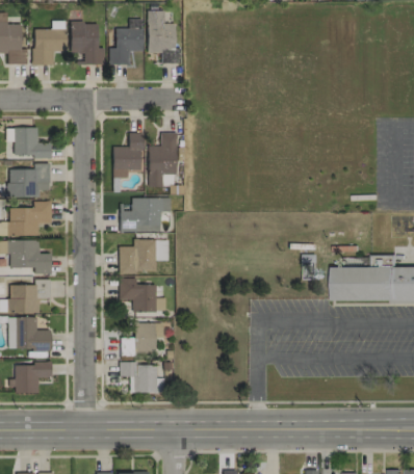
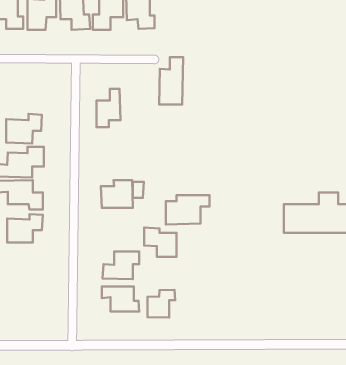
building: [6,127,51,157] -> none
building: [148,131,176,186] -> [159,57,183,104]
building: [120,198,171,232] -> [166,195,209,225]
building: [119,278,156,312] -> [144,227,176,257]
building: [8,316,51,349] -> none
building: [12,363,52,393] -> none
building: none -> [147,290,175,318]

